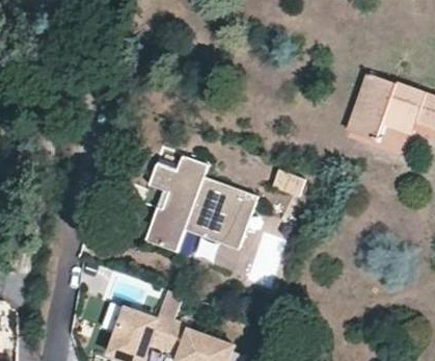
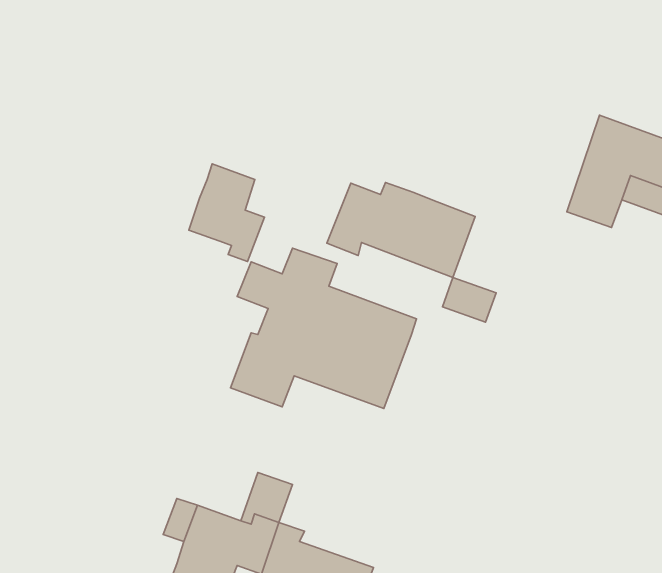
building: none -> [189,164,264,261]
building: none -> [327,183,475,277]

